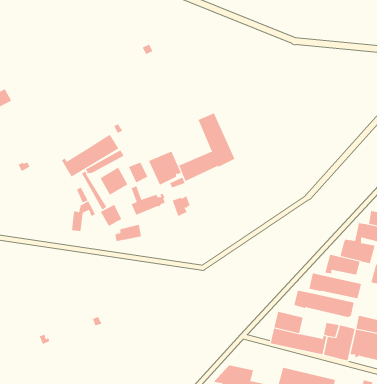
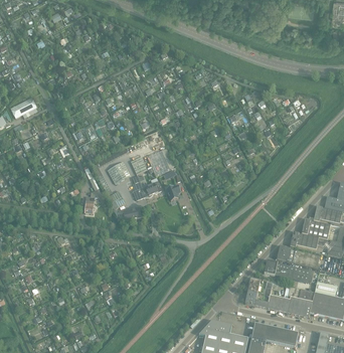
building: [178,112,235,182] -> none
building: [61,134,119,177] -> none

